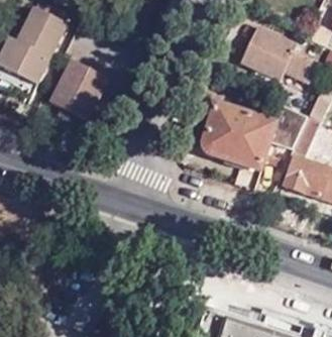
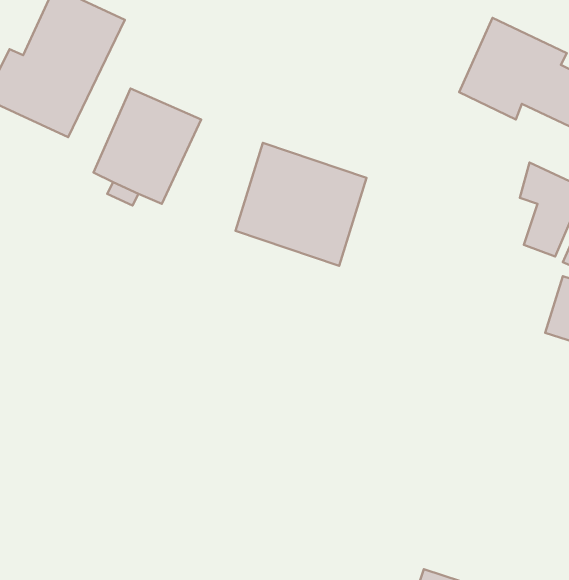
building: [205,105,272,168] -> [236,143,367,266]

